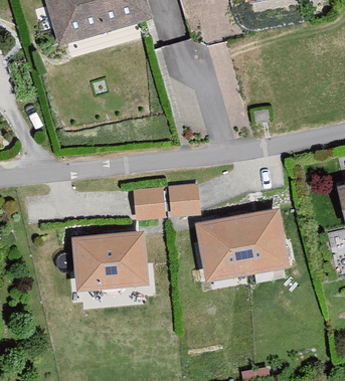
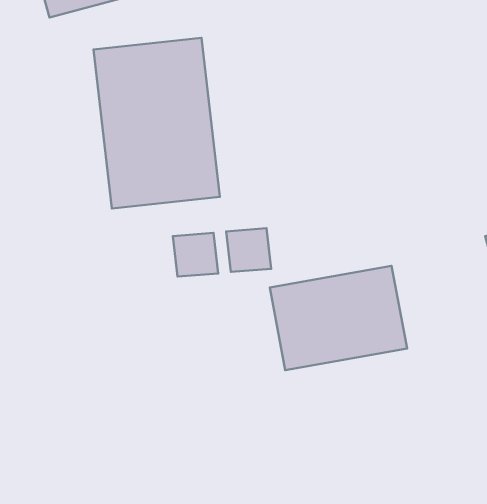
building: none -> [94,38,220,208]
building: [75,233,145,284] -> none

